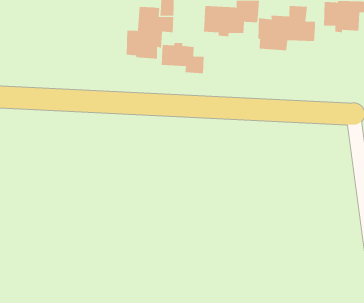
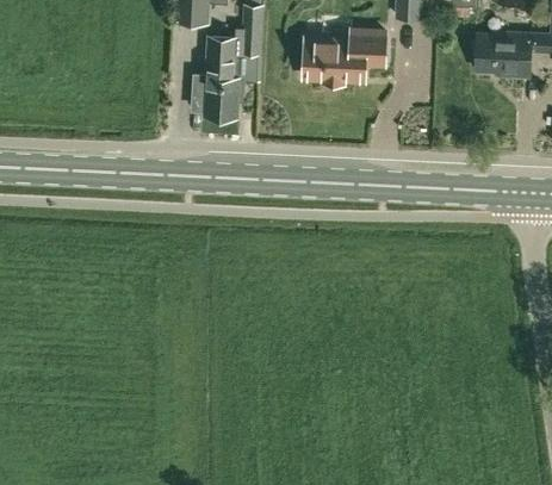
building: [258,5,316,51] -> none
building: [161,42,204,74] -> none

